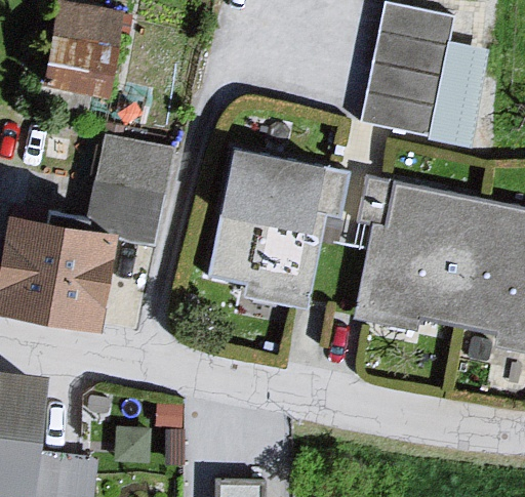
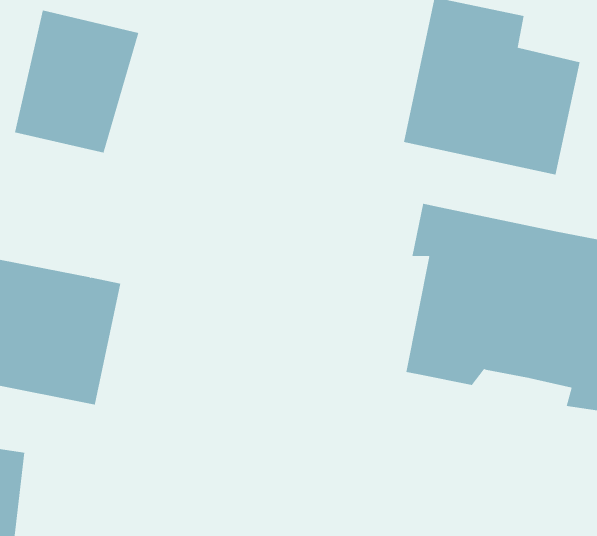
building: [91,141,184,251] -> none
building: [203,147,339,305] -> none

